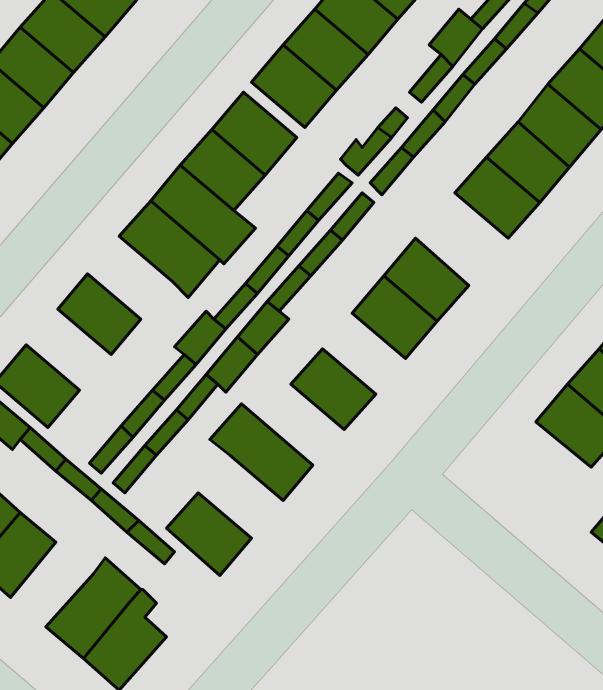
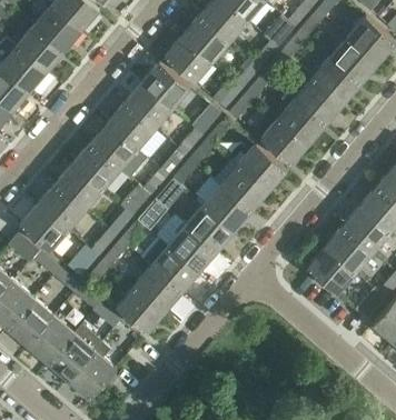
building: none -> [260,119,308,166]
building: none -> [71,143,119,190]
building: none -> [37,184,85,230]
building: none -> [204,187,250,232]
building: none -> [156,216,216,272]
building: none -> [306,248,355,294]
building: none -> [133,267,181,313]
building: none -> [28,316,75,363]

